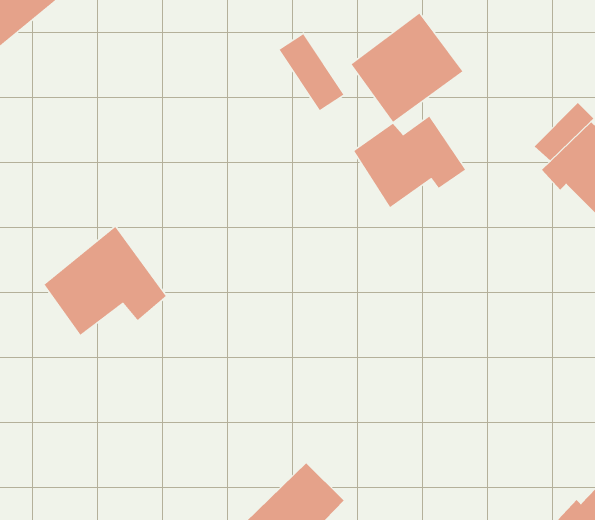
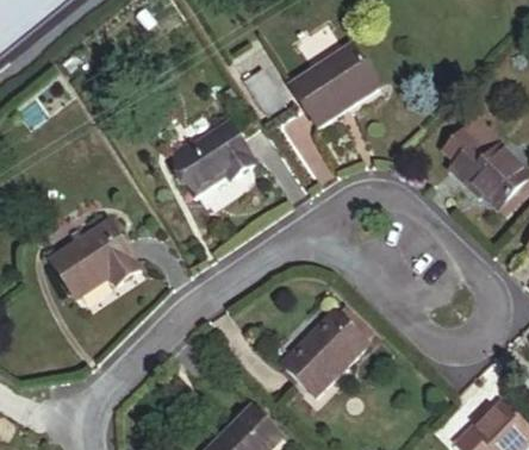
building: [353,116,466,208] -> [163,118,255,193]
building: none -> [273,305,368,400]

